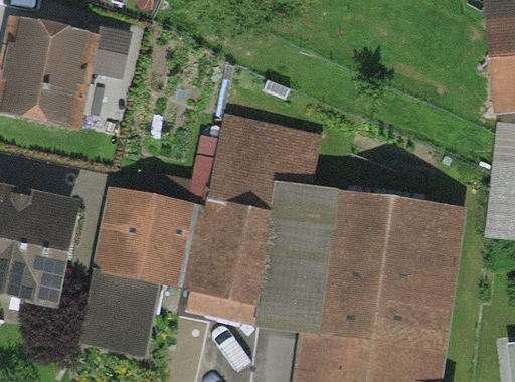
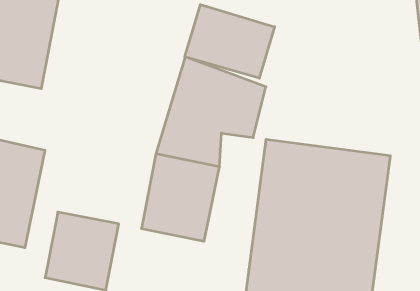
building: none -> [185,5,275,78]
building: [252,182,323,333] -> none
building: [93,187,201,288] -> none

